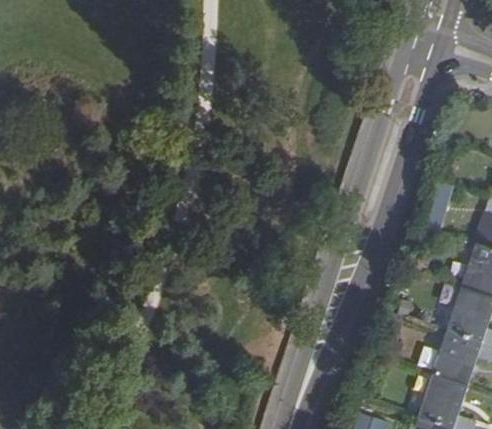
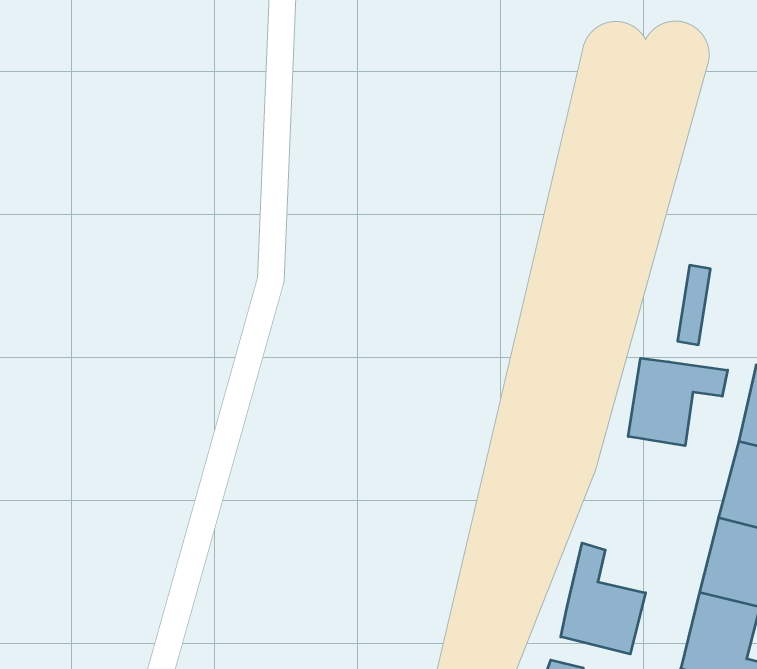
building: none -> [628,358,728,446]
building: none -> [561,543,646,654]

